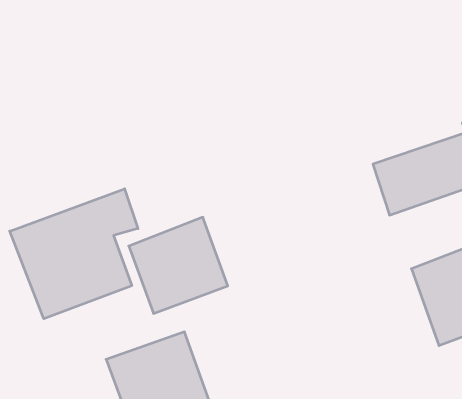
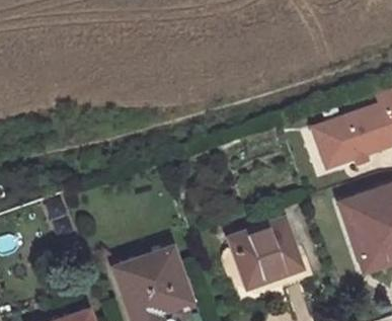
building: [10,189,138,319] -> none
building: [129,217,228,313] -> [227,216,300,287]

